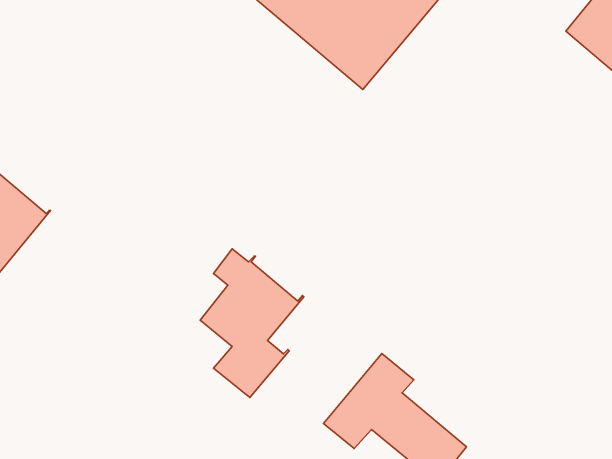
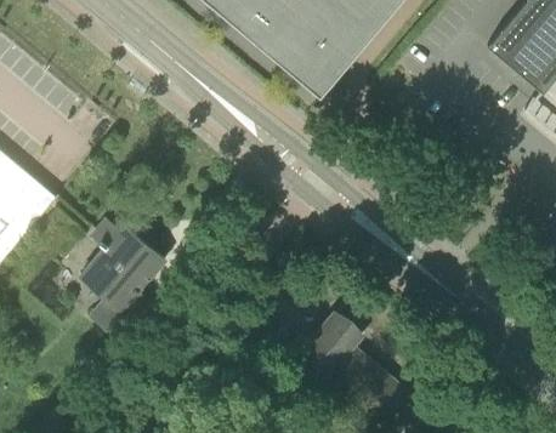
building: [200,249,304,397] -> [80,218,166,342]

